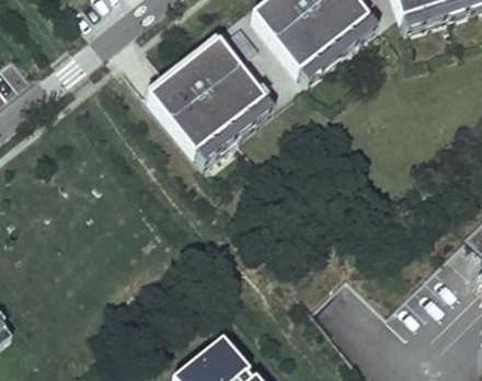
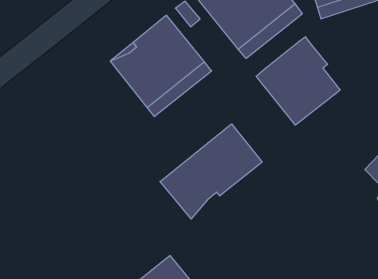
building: none -> [256,37,340,125]
building: none -> [160,124,262,219]

